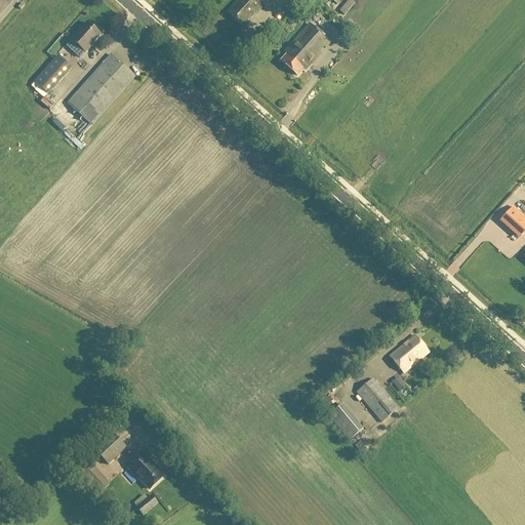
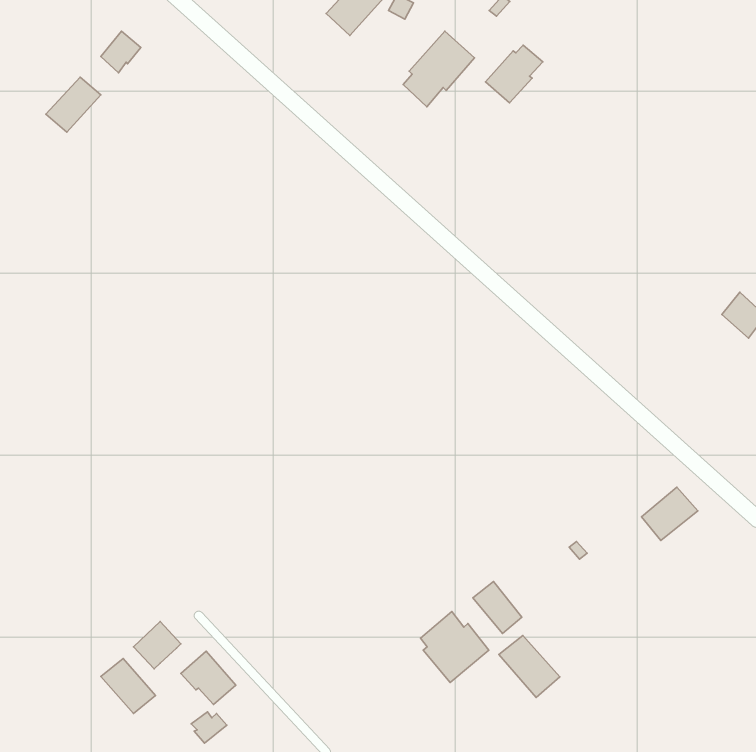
building: none -> [486,45,543,103]
building: [67,52,134,123] -> none
building: [390,334,429,371] -> [641,487,698,541]
building: [356,377,398,420] -> [499,635,560,698]
building: none -> [421,611,489,683]

